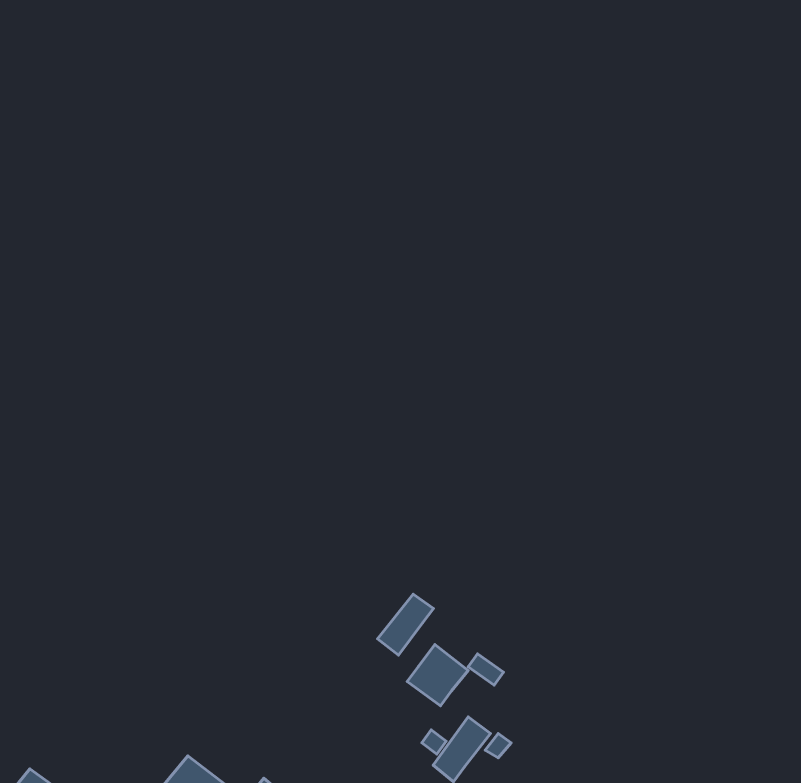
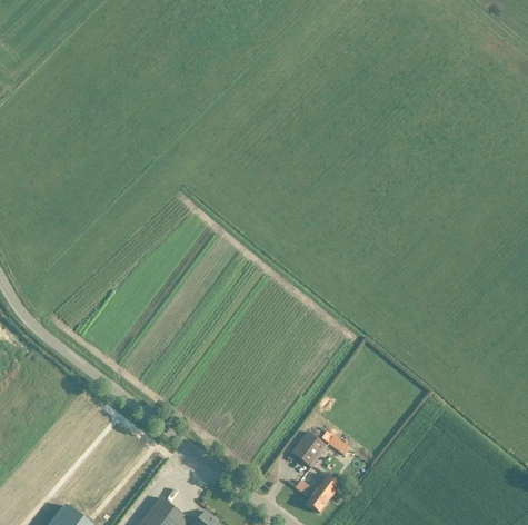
building: [378,594,434,655] -> none

